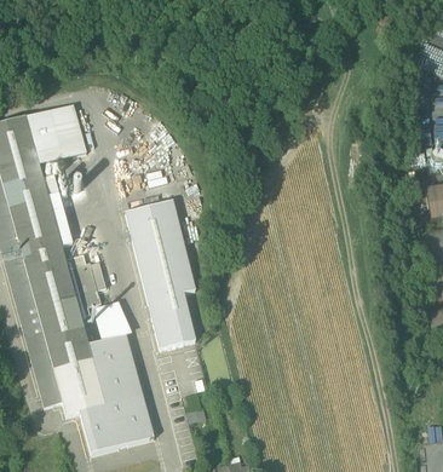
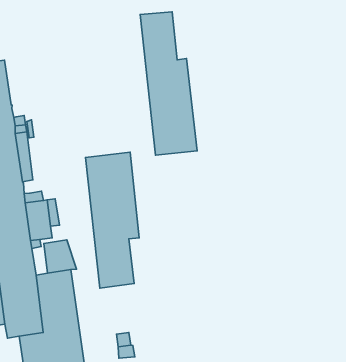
building: none -> [140,12,197,155]
building: [24,105,86,166] -> none

